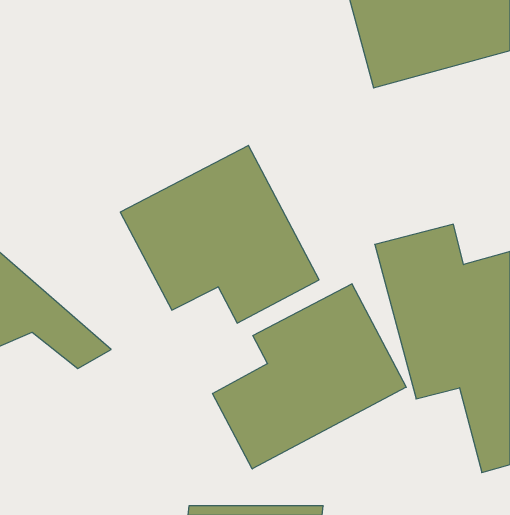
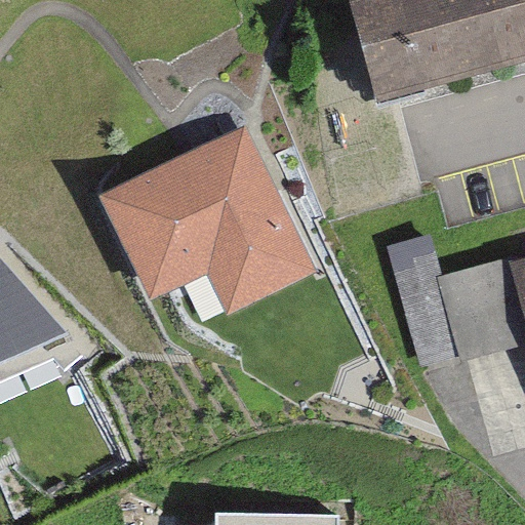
building: [213,284,406,469] -> none

